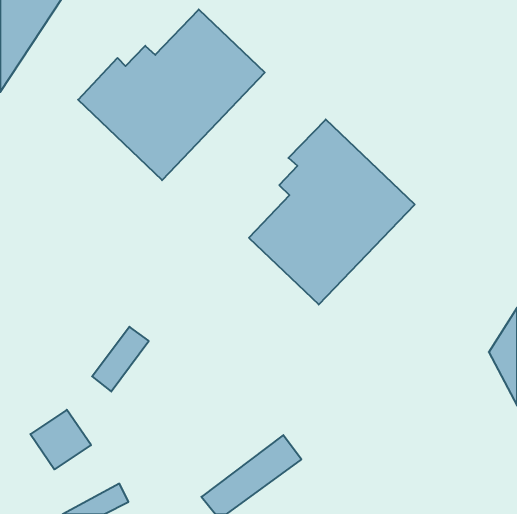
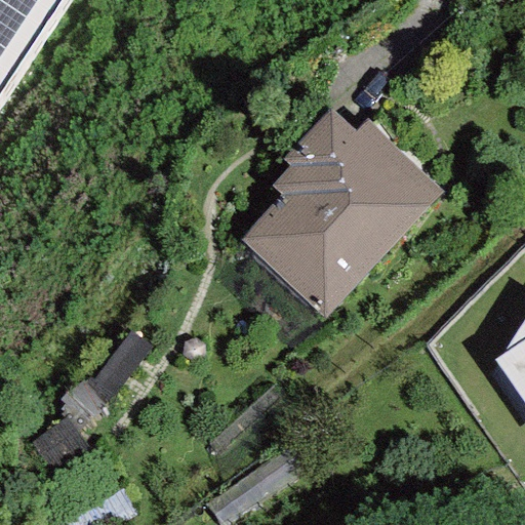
building: [78,9,265,180] -> none

